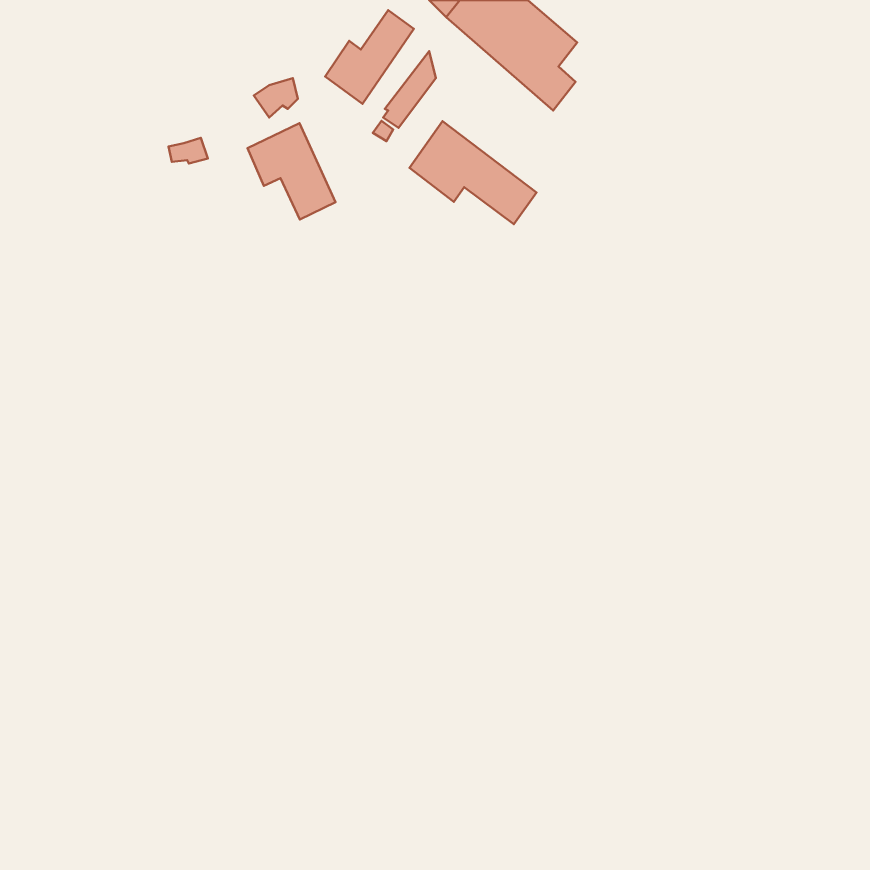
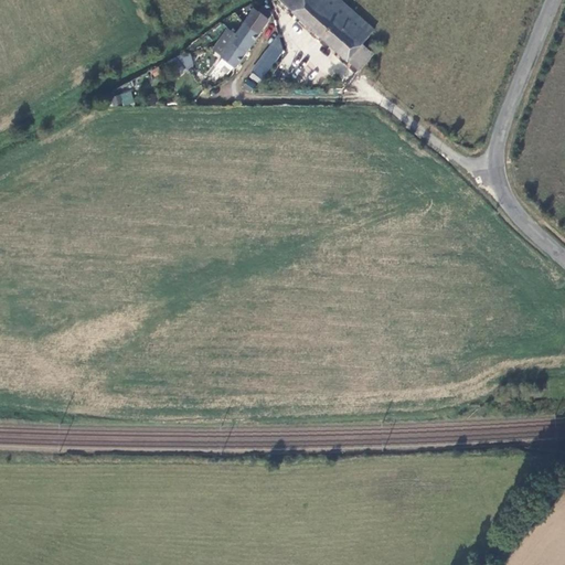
building: [410,121,536,224] -> none
building: [247,123,335,219] -> none

